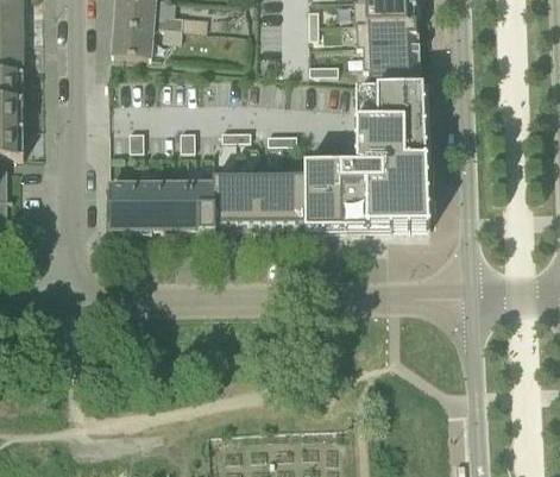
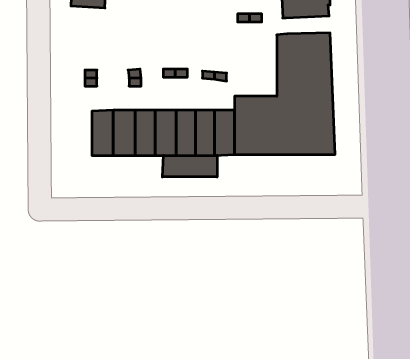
building: [366,62,420,83] -> none
building: [109,175,137,228] -> none
building: none -> [162,155,217,177]

